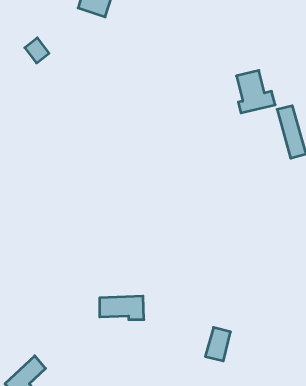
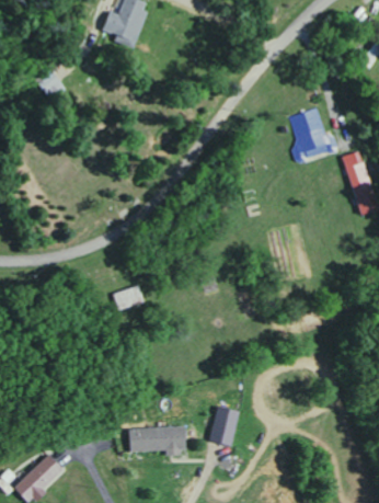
building: none -> [114,285,147,310]
building: [100,296,144,320] -> [130,426,184,455]
building: [205,327,231,361] -> [208,405,239,446]

